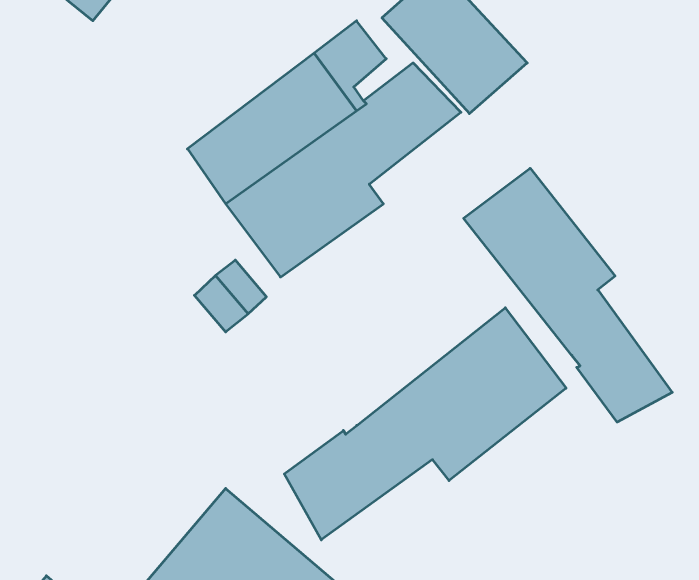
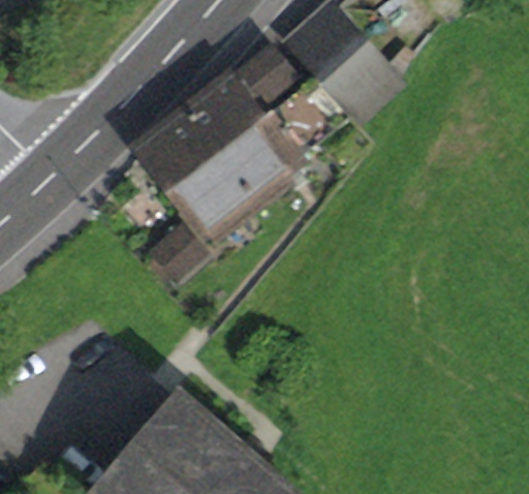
building: [464,168,672,422] -> none
building: [284,308,566,540] -> none

